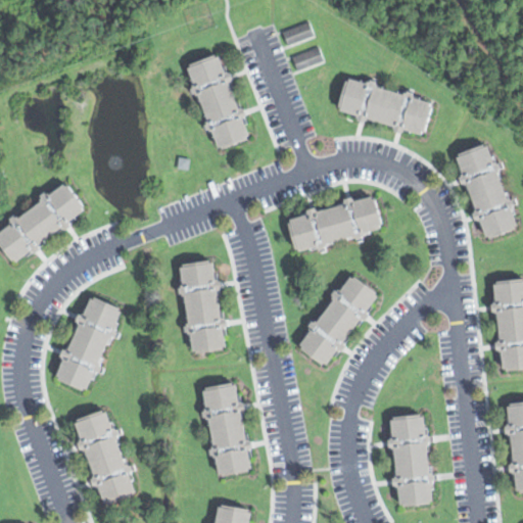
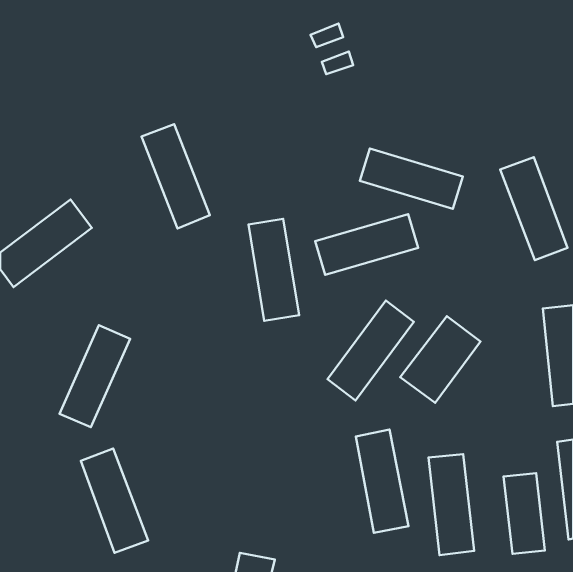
building: [186,54,248,149] -> [142,124,210,229]
building: [337,79,431,134] -> [360,148,463,209]
building: [179,260,225,353] -> [249,219,299,321]
building: none -> [400,316,481,403]
building: [202,382,250,476] -> [356,430,409,533]
building: none -> [504,473,545,554]

